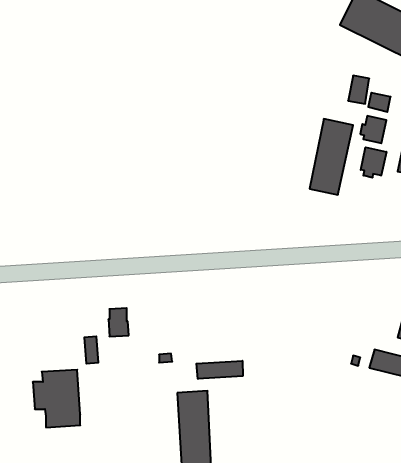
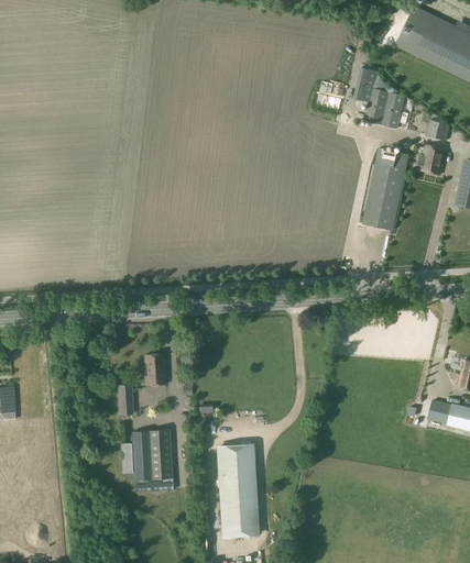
building: none -> [354,66,406,128]
building: [361,147,386,178] -> none
building: [196,361,243,379] -> none
building: [33,370,80,427] -> [121,429,173,492]

